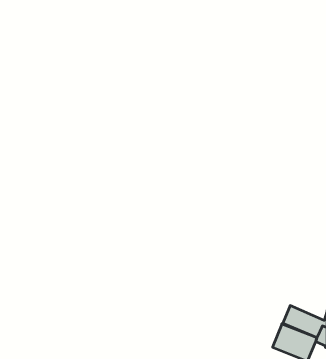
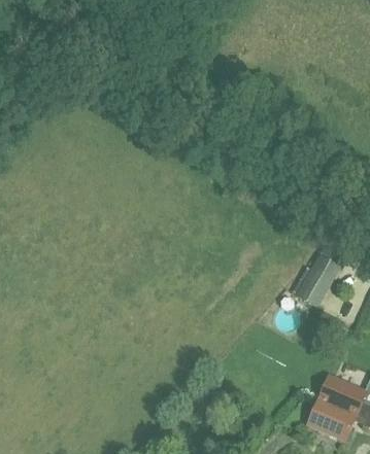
building: none -> [296,252,340,306]

